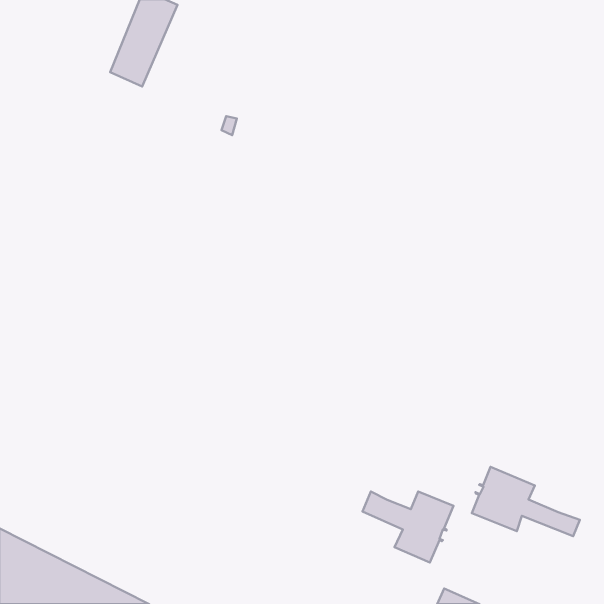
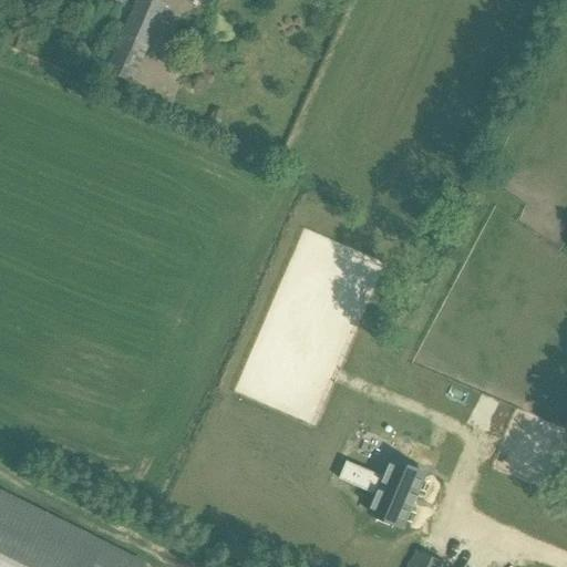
building: [472,467,580,536] -> none

